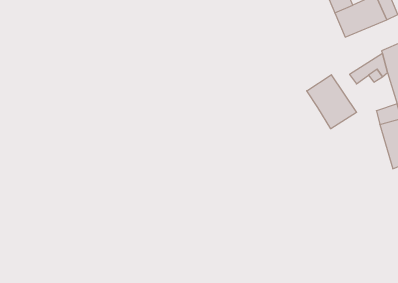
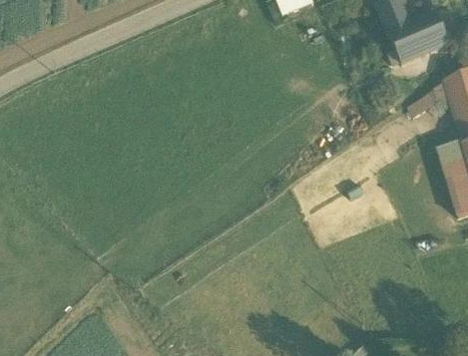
building: [307,75,357,129] -> none

